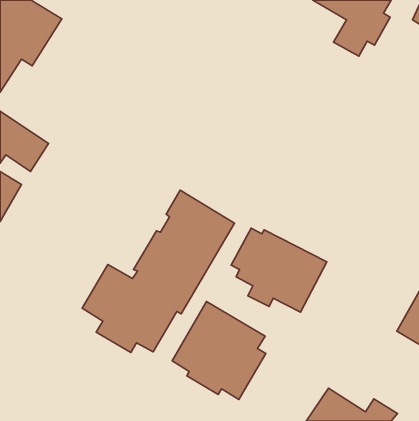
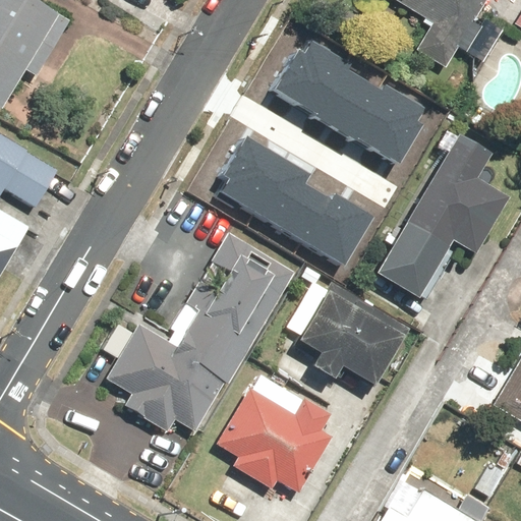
building: none -> [279,39,435,167]
building: none -> [371,133,508,305]
building: none -> [224,136,379,268]

